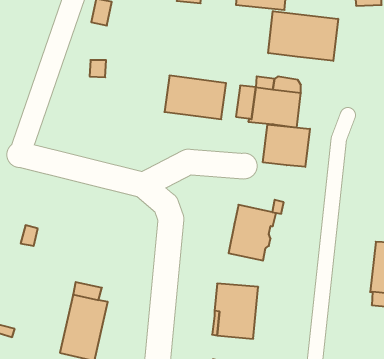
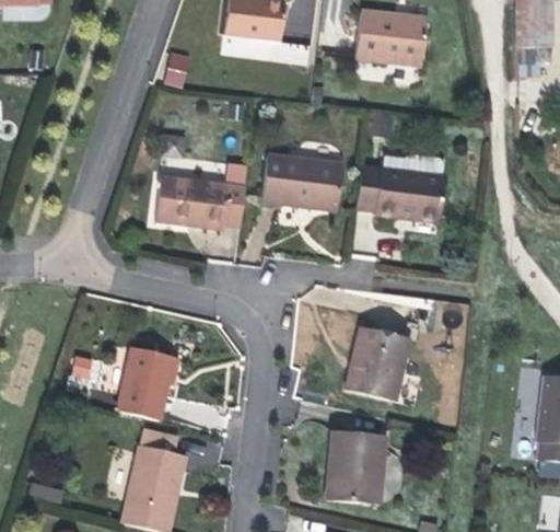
building: [268,11,338,61] -> none
building: none -> [155,176,246,229]
building: [263,124,310,167] -> none
building: none -> [117,346,175,419]

